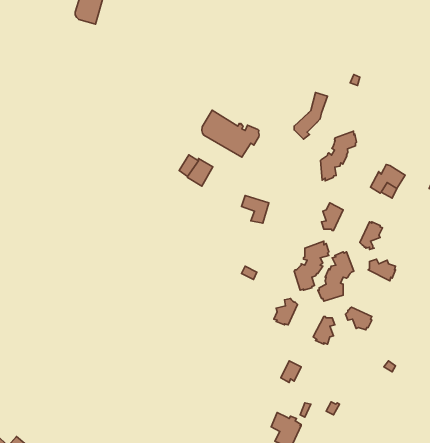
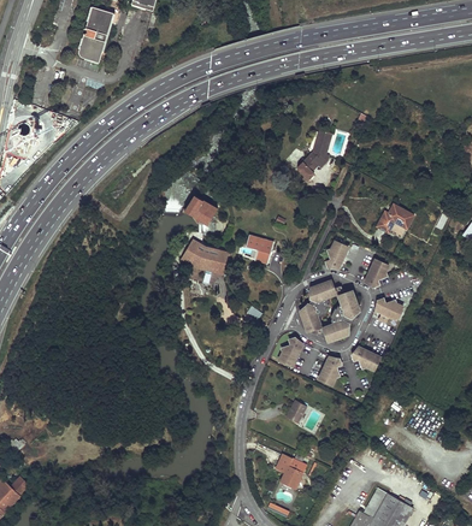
building: [202,110,259,157] -> none
building: [320,131,356,181] -> none
building: none -> [182,238,228,268]

